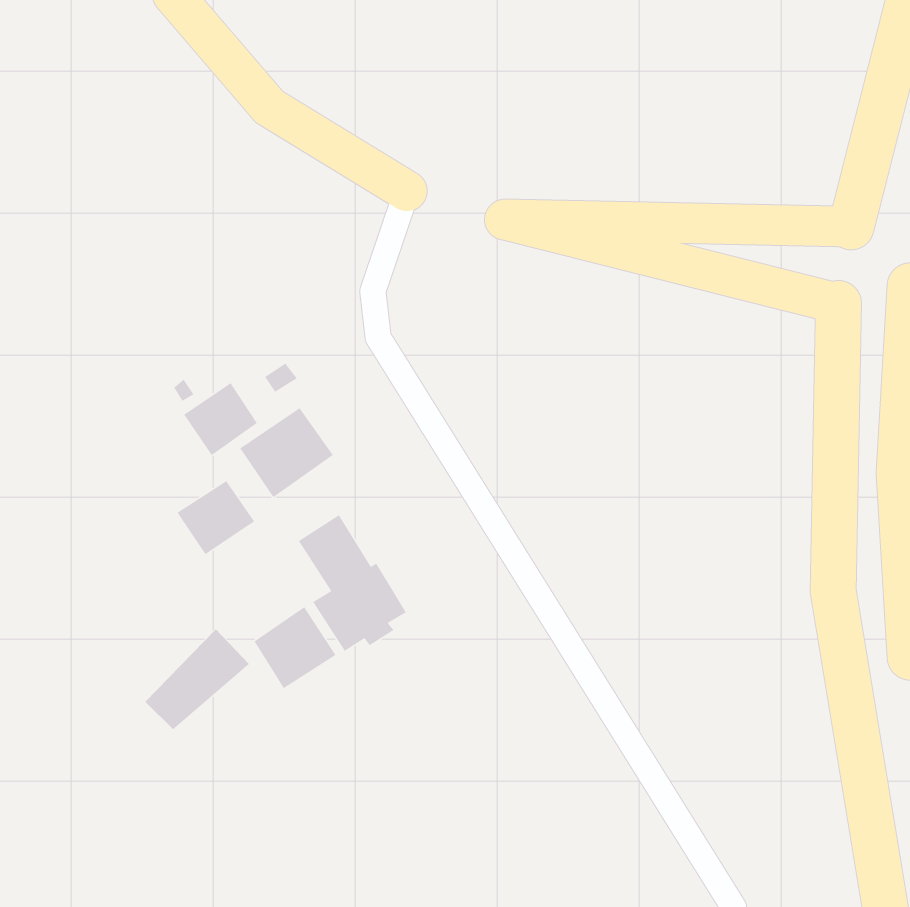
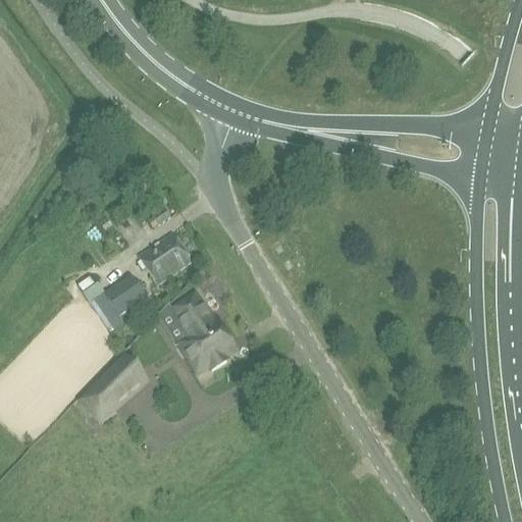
building: [183,382,258,456] -> none
building: [253,606,336,689] -> none

